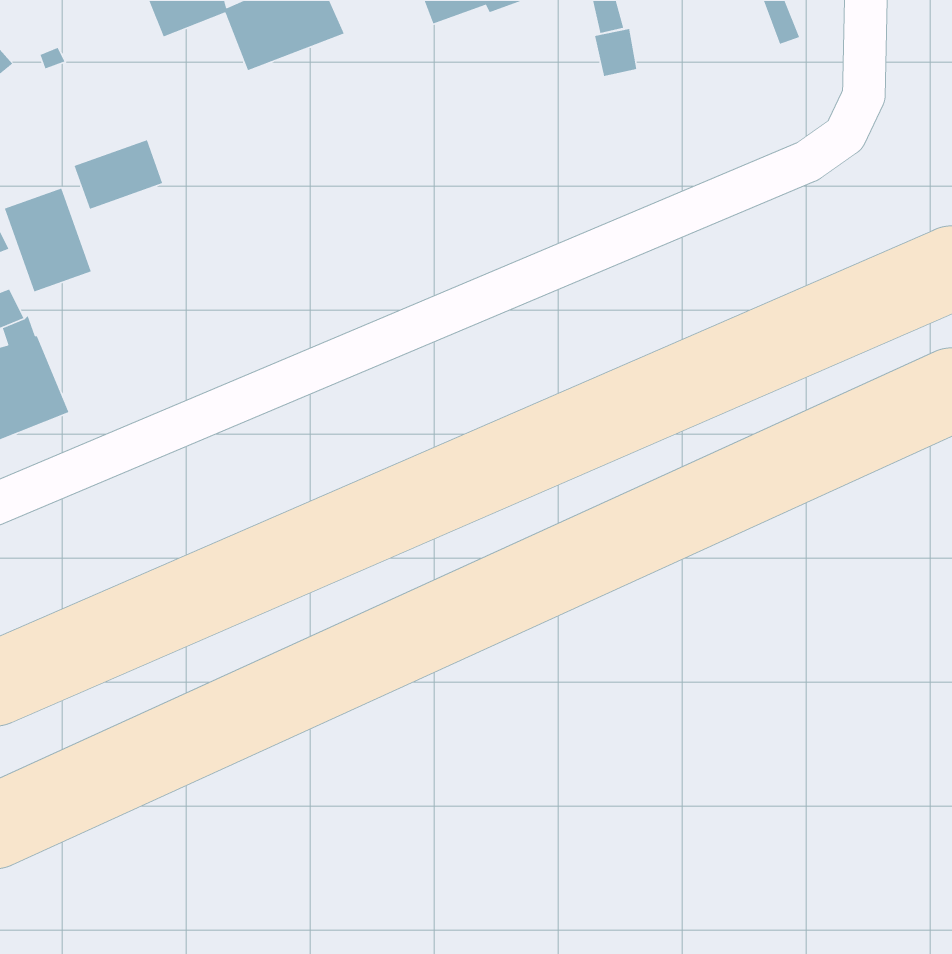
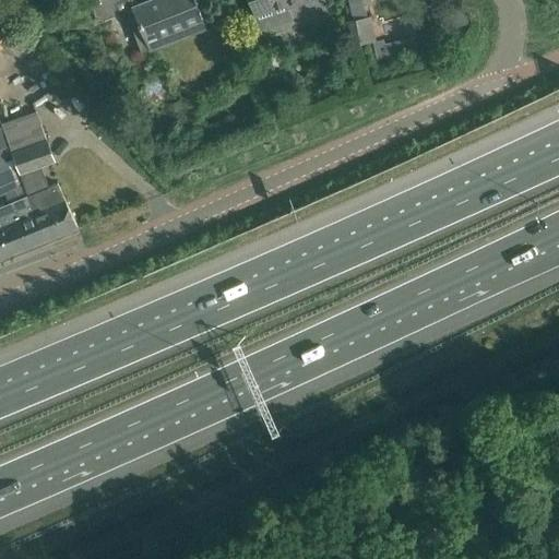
building: [74,139,163,210] -> none
building: none -> [22,183,75,242]

